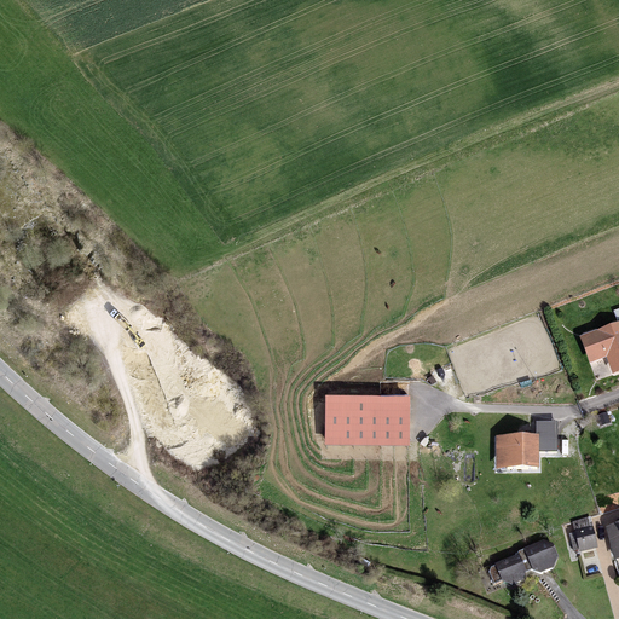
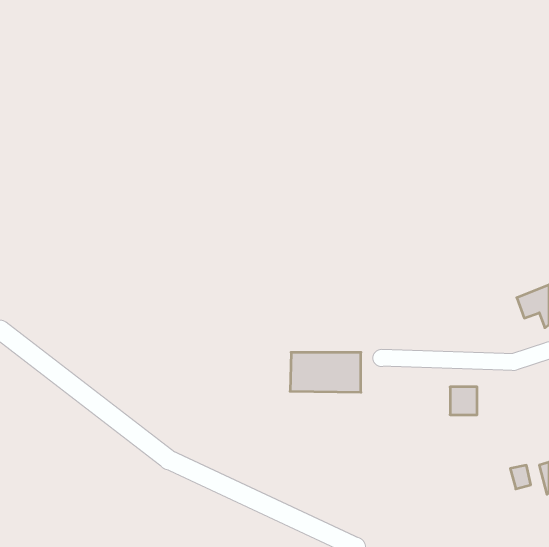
building: [537,420,556,450] -> none
building: [496,537,557,583] -> none

